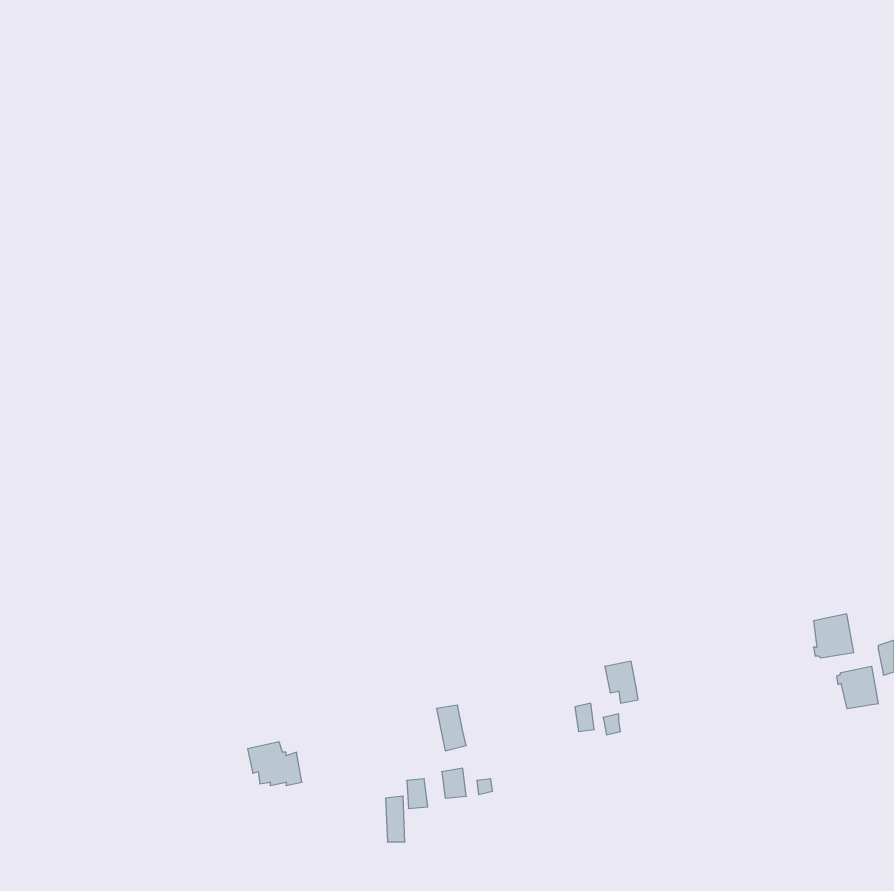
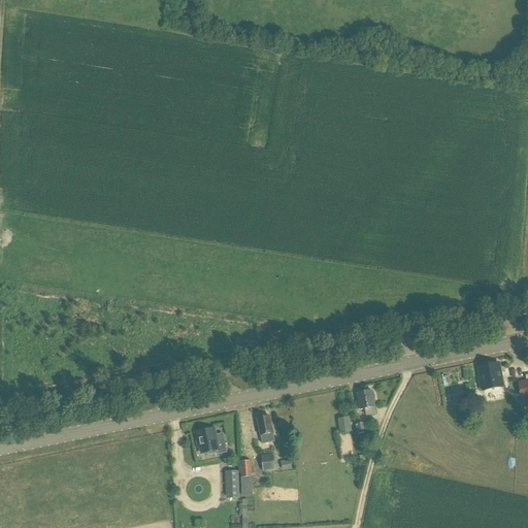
building: [837,666,878,709] -> none
building: [248,742,302,786] -> [194,426,226,452]

